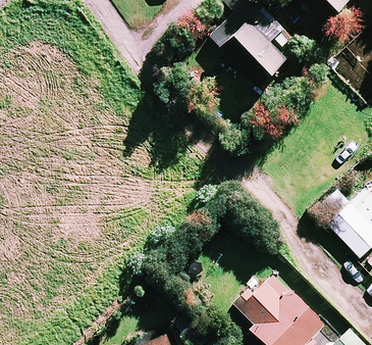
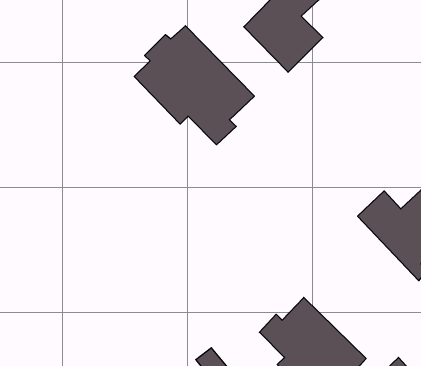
building: none -> [134,26,254,145]

